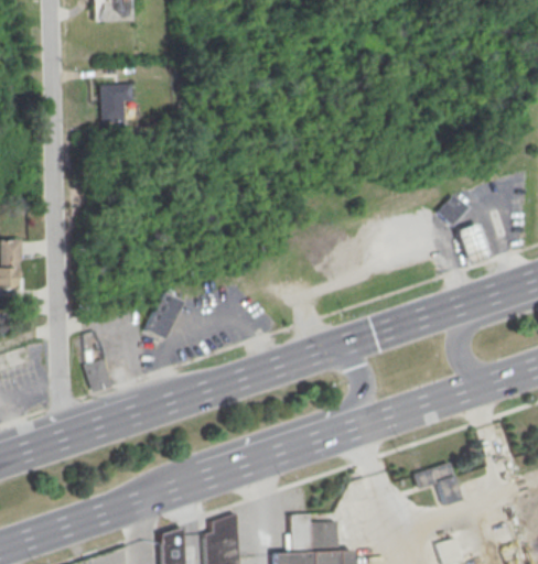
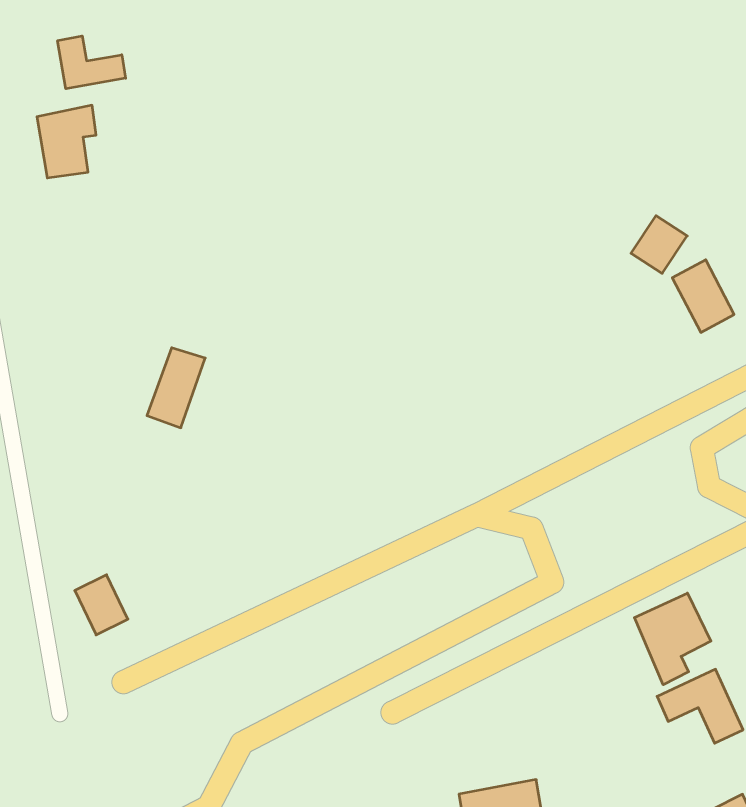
building: none -> [58,36,126,89]
building: [144,294,183,341] -> [147,348,205,428]
building: none -> [634,593,711,685]

